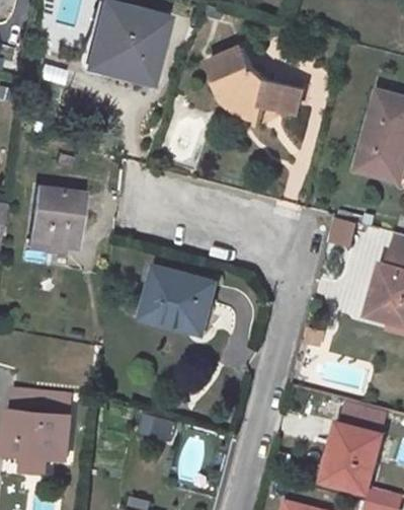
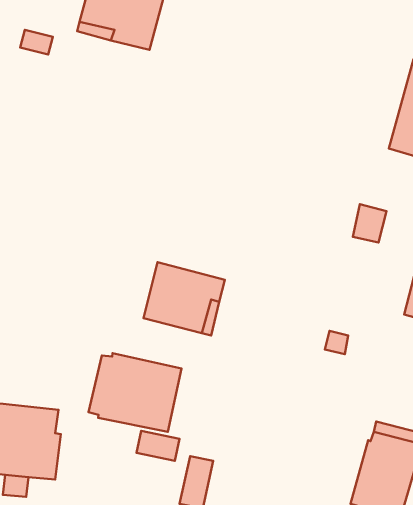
building: [209,46,304,120] -> none
building: [29,189,83,243] -> none
building: none -> [89,353,181,432]

